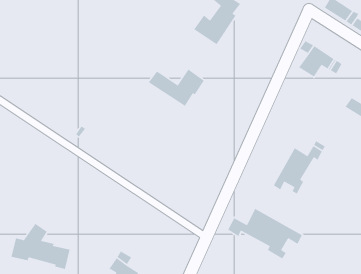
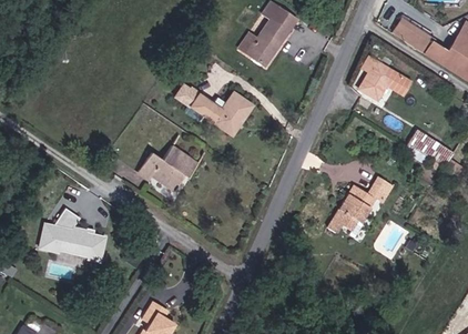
building: none -> [138,146,197,191]
building: [227,208,303,260] -> none
building: [11,223,71,270] -> [37,208,104,261]

